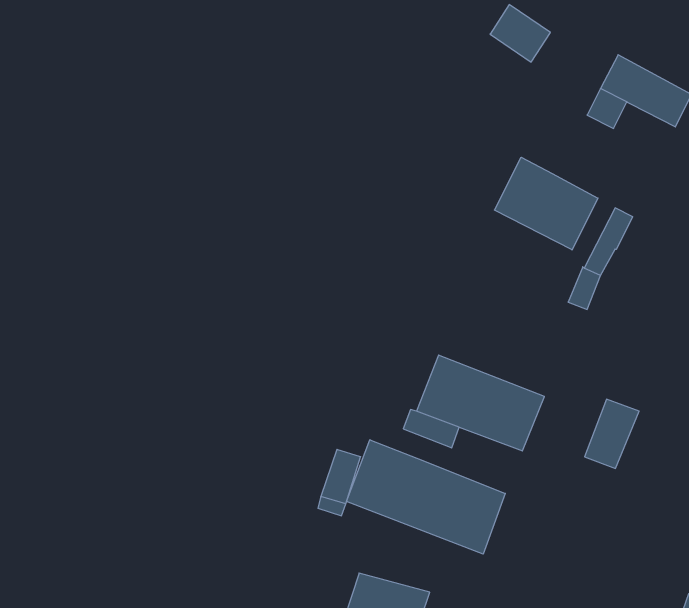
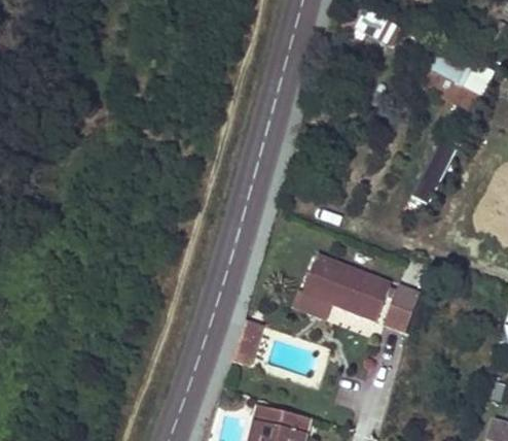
building: [494,157,598,250] -> none
building: [585,399,639,468] -> [384,284,422,333]
building: [347,440,505,554] -> none

